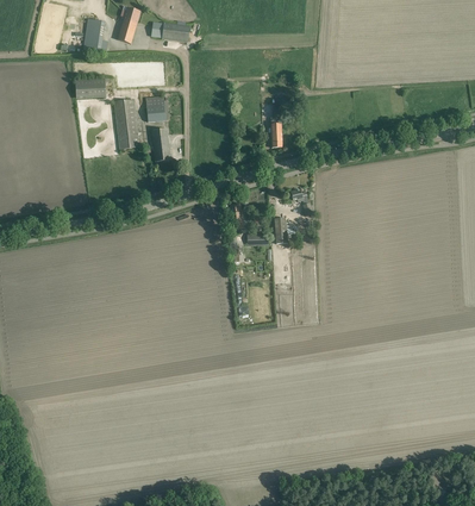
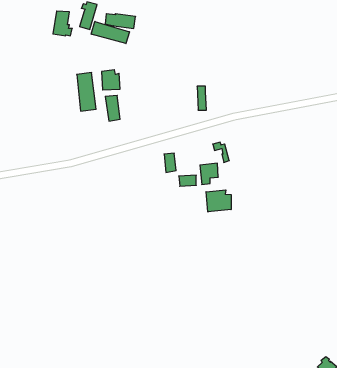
building: none -> [91,21,129,44]
building: [75,79,106,98] -> none
building: none -> [206,190,231,212]

